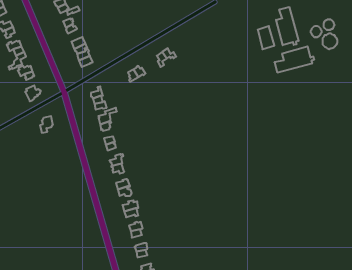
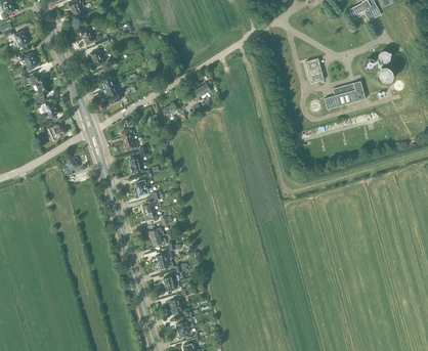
building: [276,7,299,45] -> none

